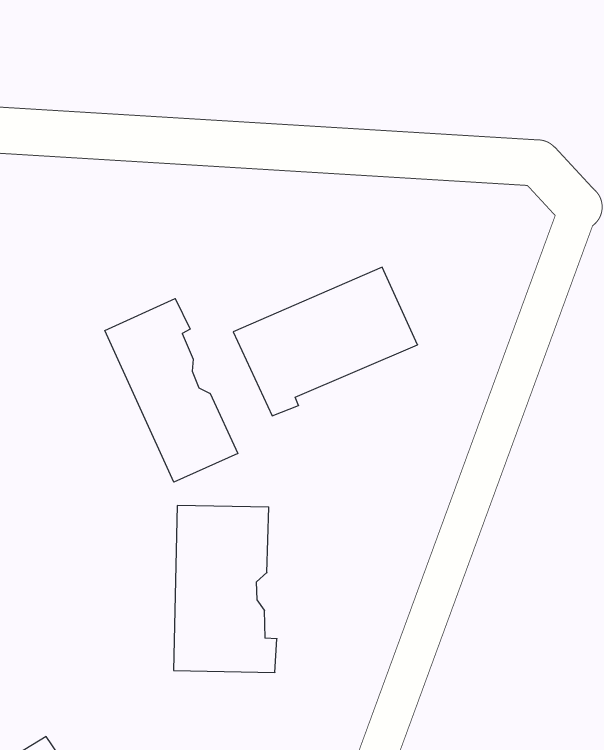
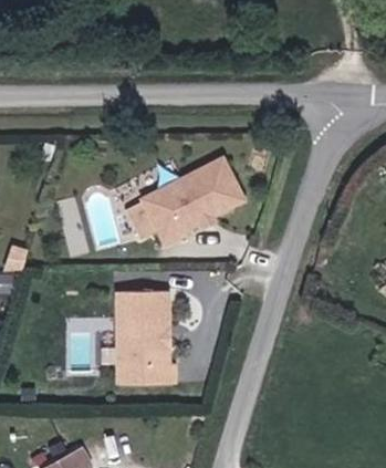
building: [105,299,238,482] -> none

